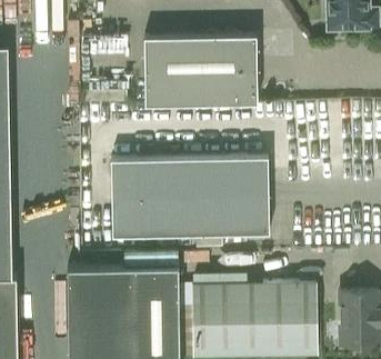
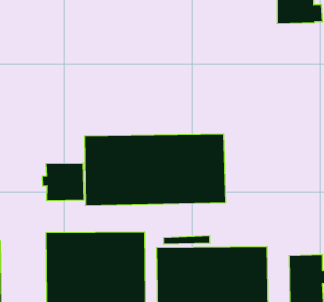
building: [142,37,255,107] -> none
building: none -> [42,163,84,201]

